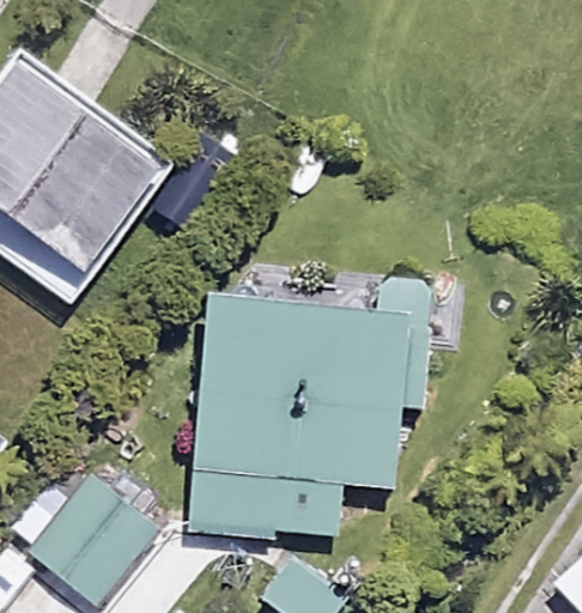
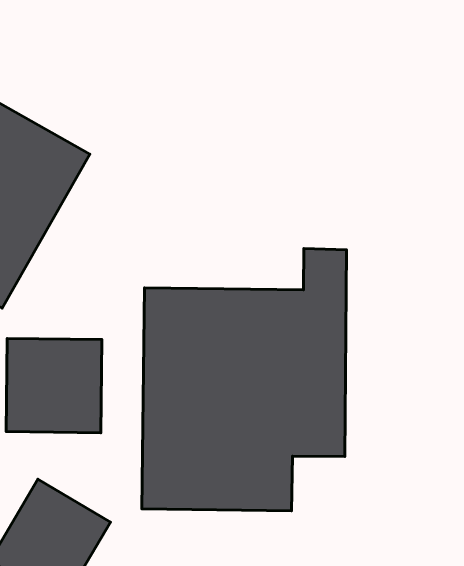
building: none -> [6,338,102,433]

